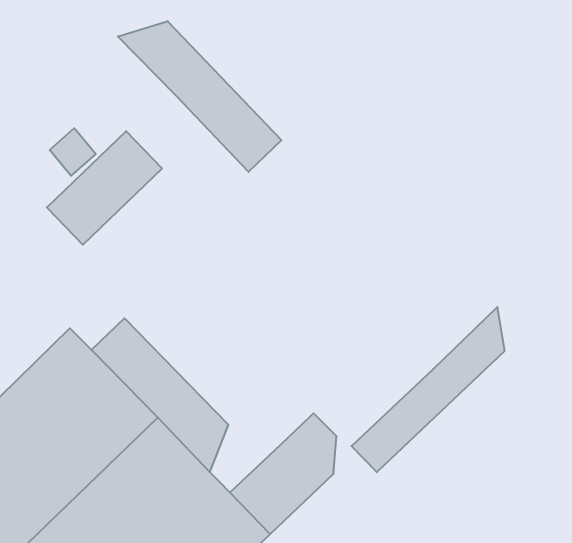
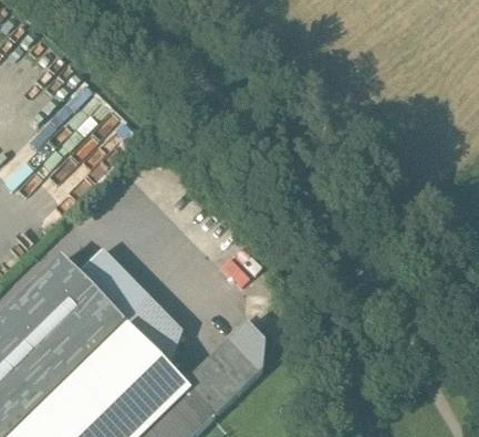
building: [118,21,281,172] -> none
building: [351,307,505,472] -> none

